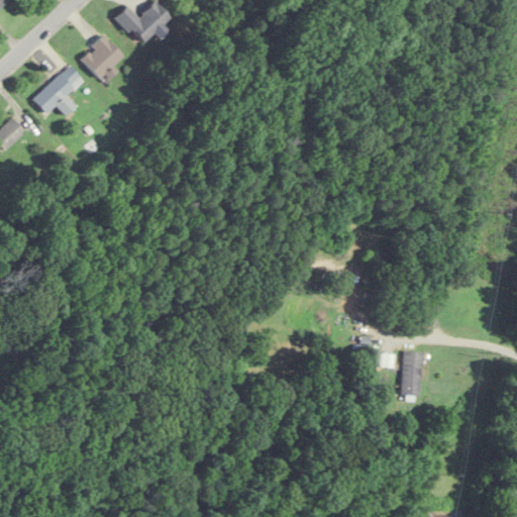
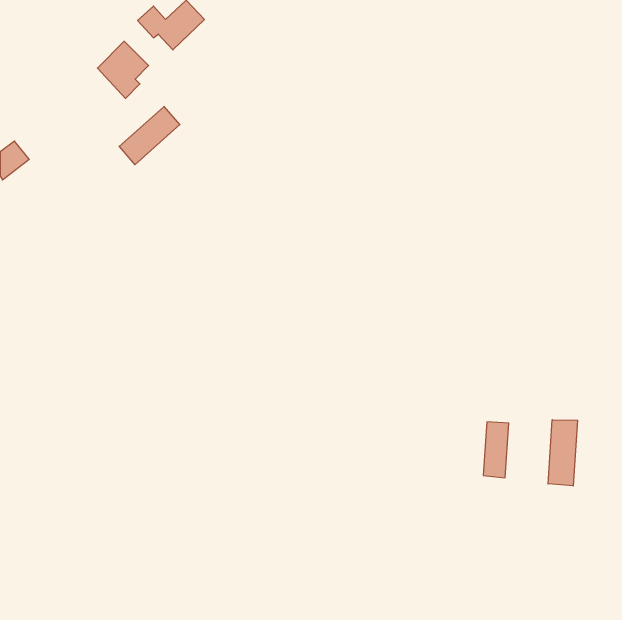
building: [32,66,83,114] -> [119,106,180,165]
building: none -> [548,420,578,486]

